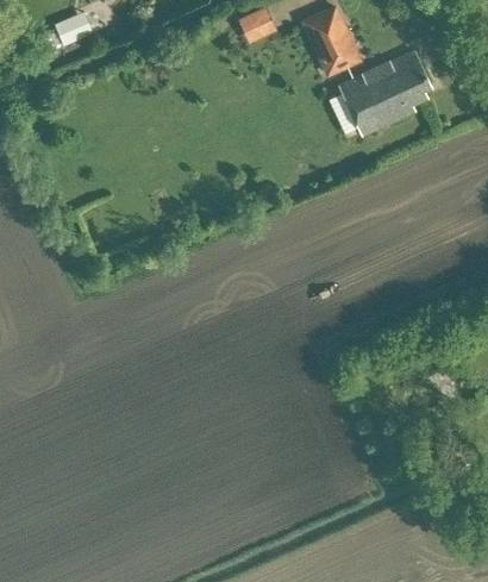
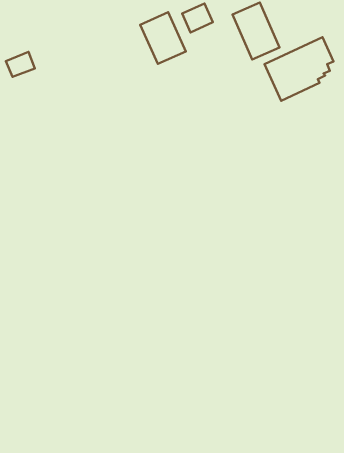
building: [57,12,94,44] -> [6,52,35,77]
building: none -> [140,12,186,64]

